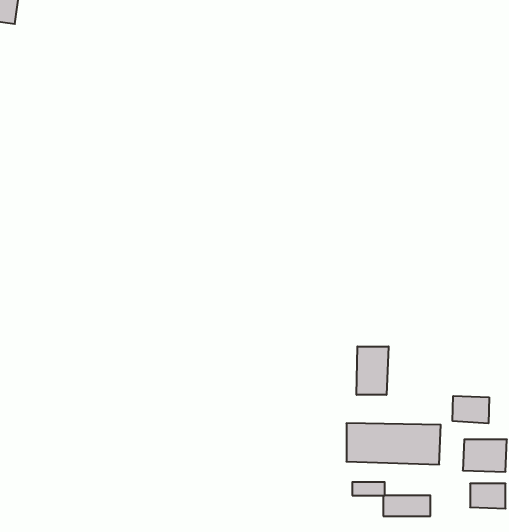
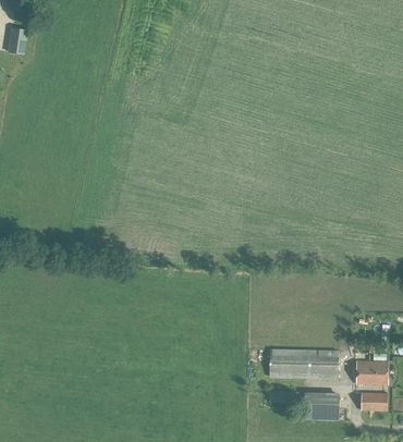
building: [357,346,389,395] -> none
building: [453,396,489,423] -> none

